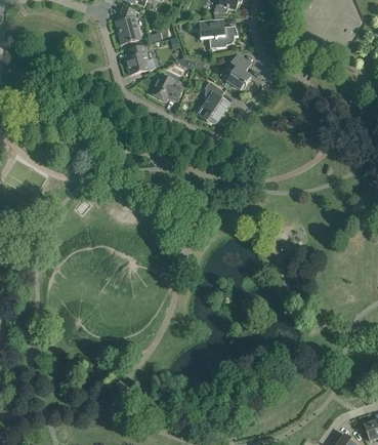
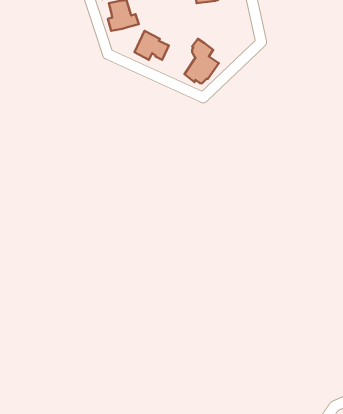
building: [225,53,250,89] -> none

